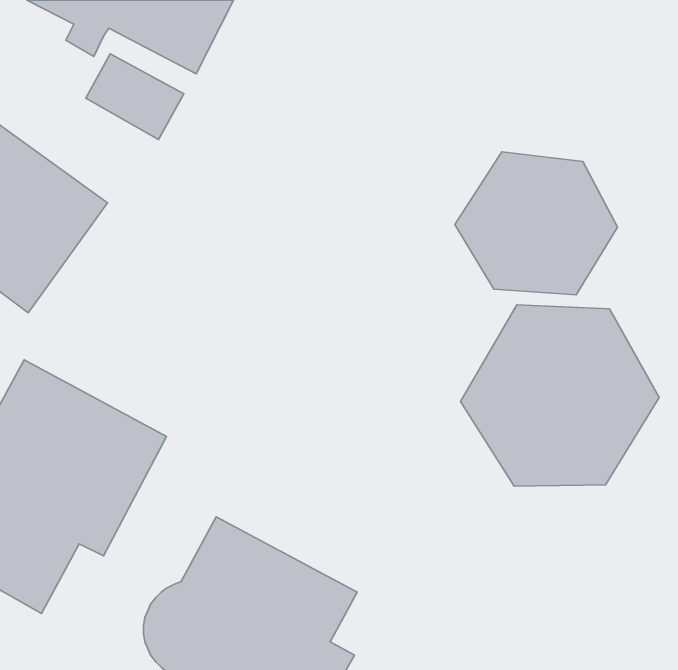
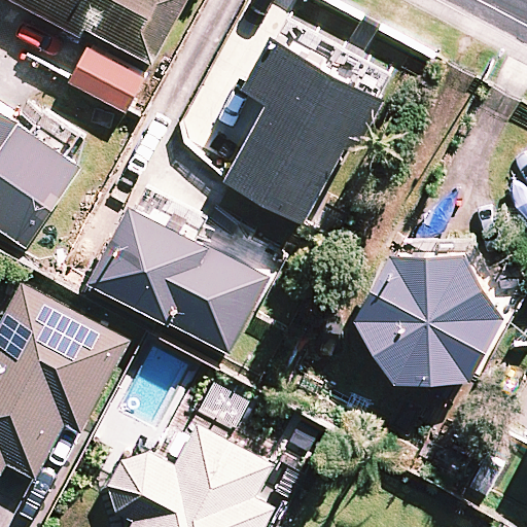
building: none -> [225,19,387,220]
building: [455,152,617,295] -> none
building: none -> [89,206,268,357]

